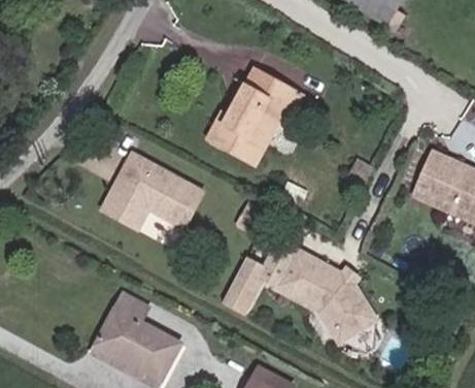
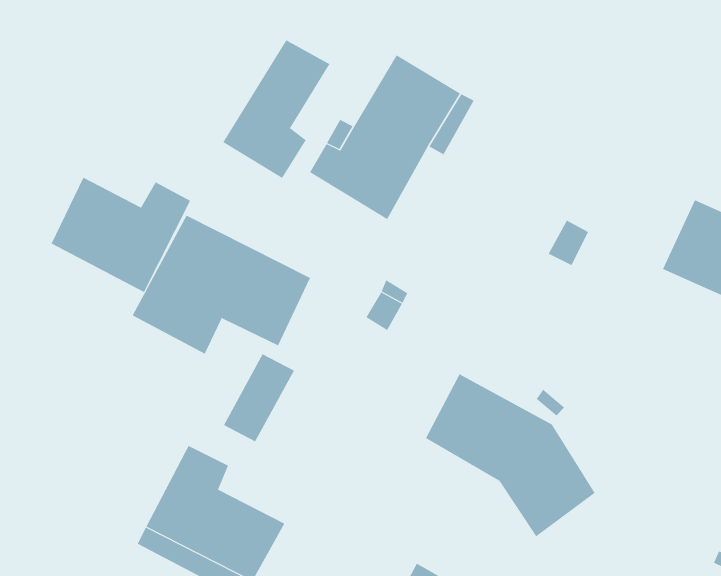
building: none -> [223,39,330,179]
building: none -> [51,177,191,293]
building: [219,254,263,308] -> [223,353,295,442]

